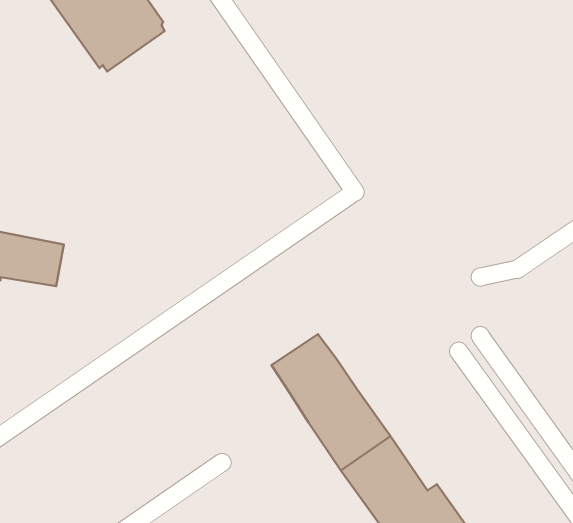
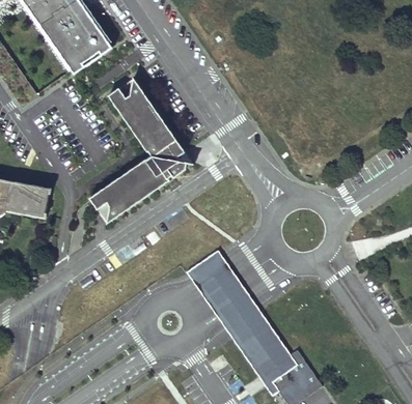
building: none -> [90,77,196,224]

